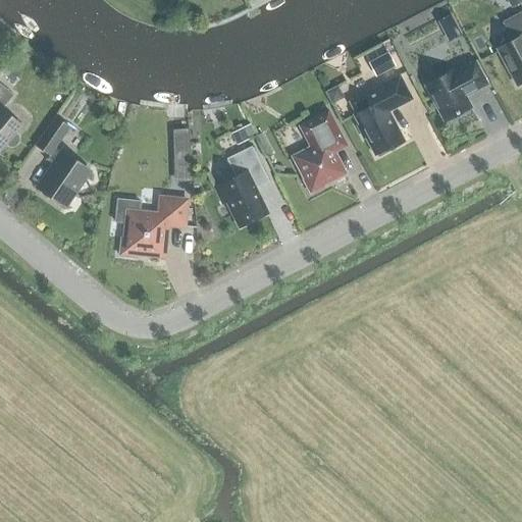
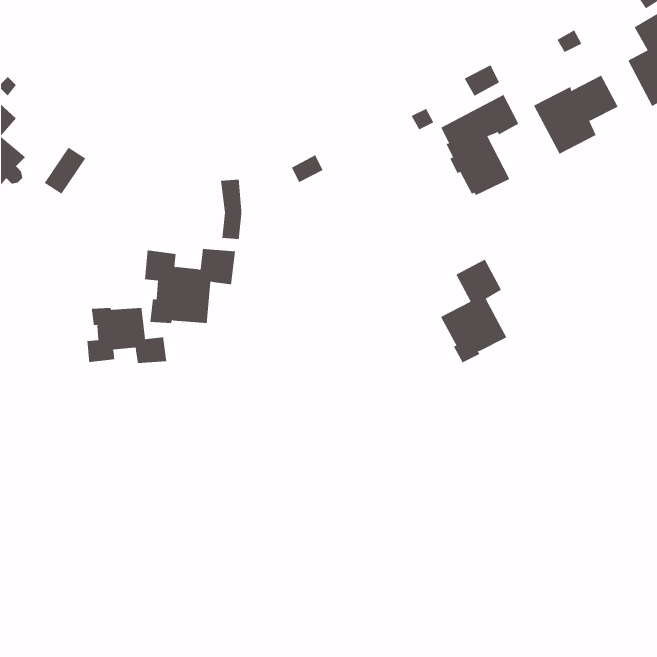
building: [293,110,346,193] -> [440,259,507,363]
building: [214,146,269,226] -> none
building: [38,151,90,206] -> none
building: none -> [87,307,167,364]

